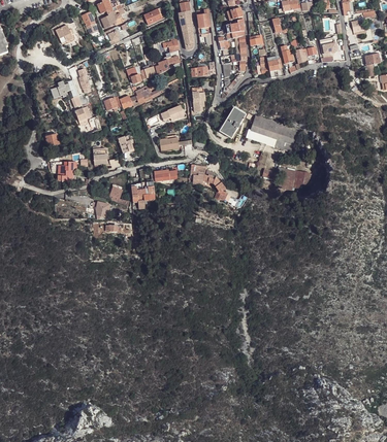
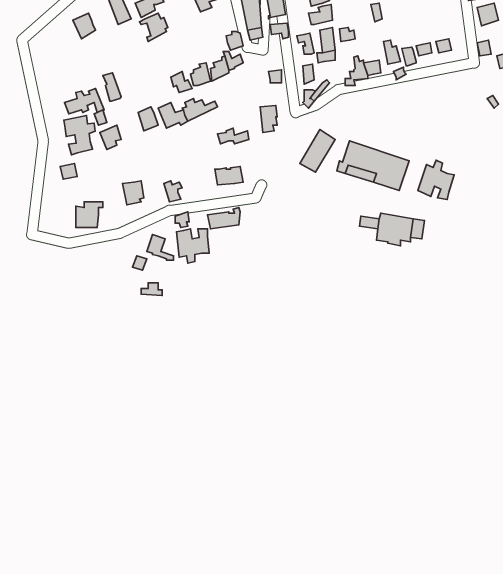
building: none -> [64,116,95,155]
building: none -> [418,160,454,200]
building: [190,164,230,202] -> none

